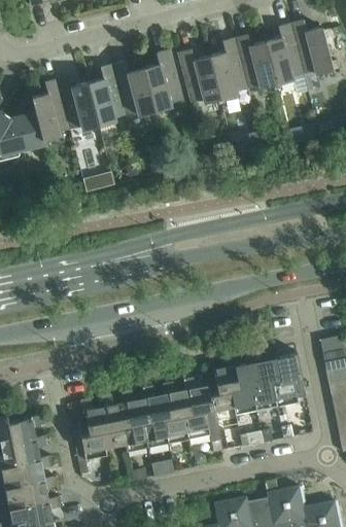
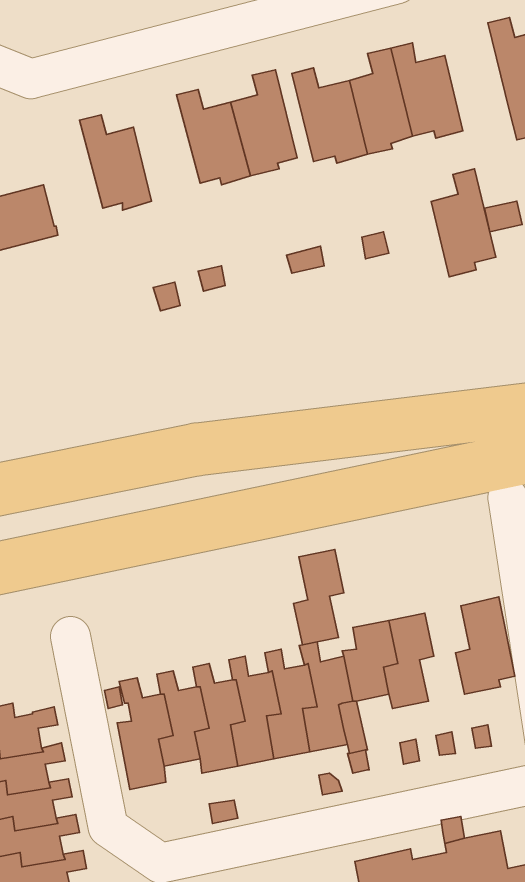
building: [266,24,303,85] -> [431,169,496,277]
building: [88,65,126,126] -> none
building: [31,79,70,140] -> none
building: [251,357,280,412] -> [293,549,344,645]

